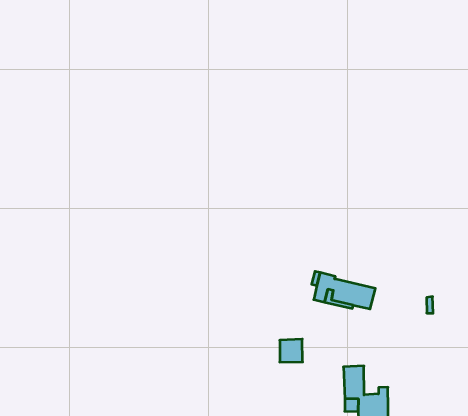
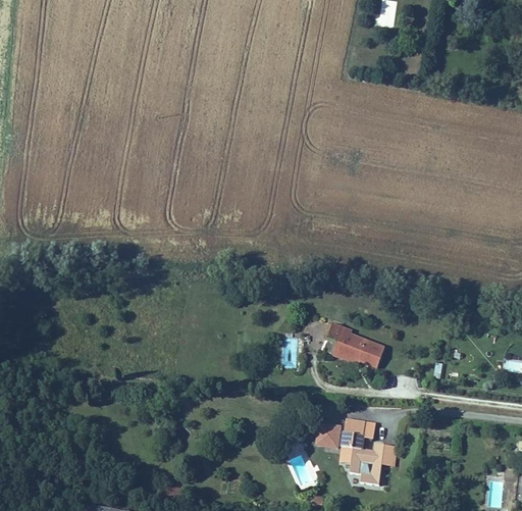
building: [280,339,303,362] -> [318,425,344,450]

